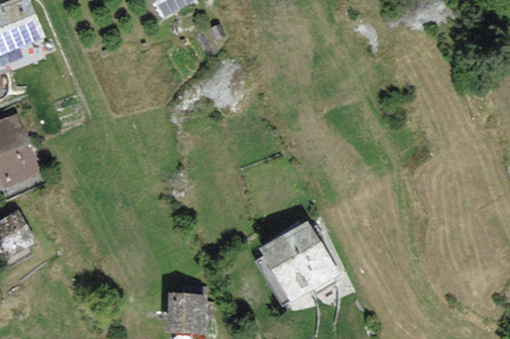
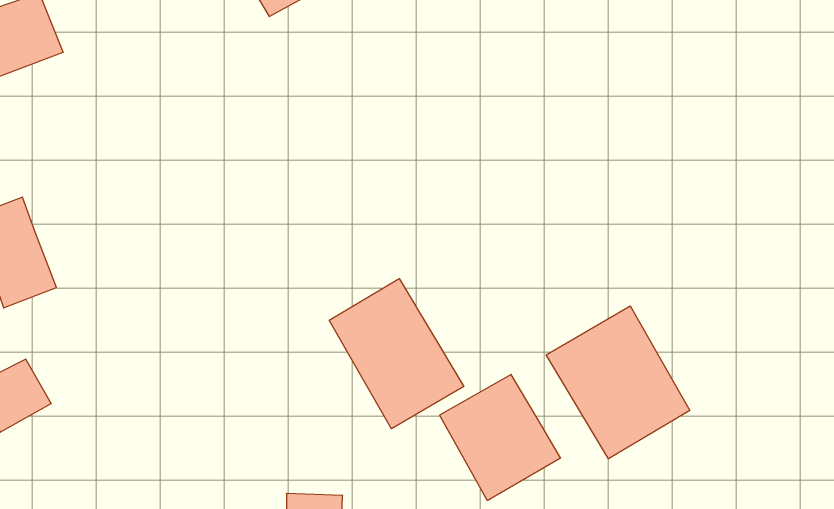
building: none -> [329,279,464,429]
building: none -> [546,306,690,459]

